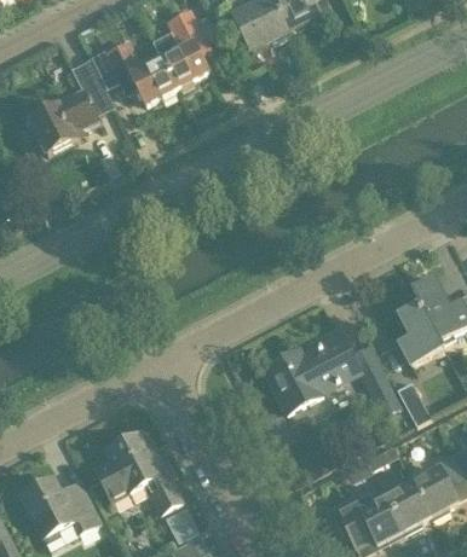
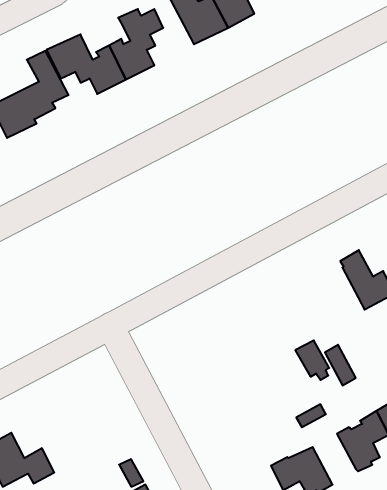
building: [396,295,444,364] -> none
building: [263,335,361,413] -> none
building: [92,431,181,511] -> none
building: [384,477,431,533] -> none

